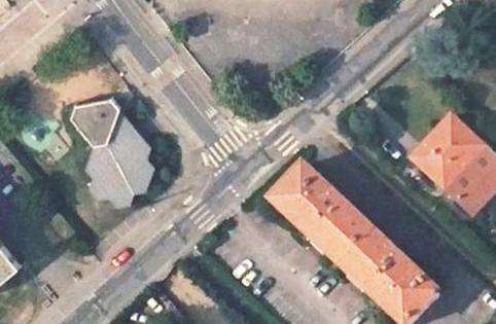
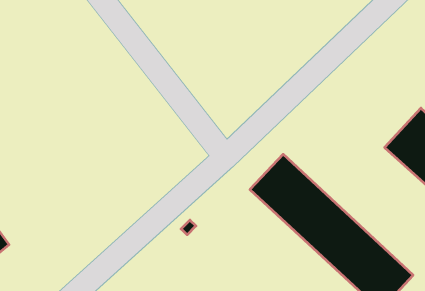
building: [71,88,169,209] -> none

